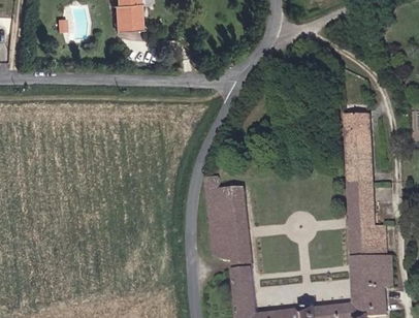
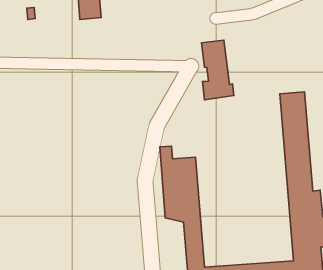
building: none -> [201,40,234,100]

